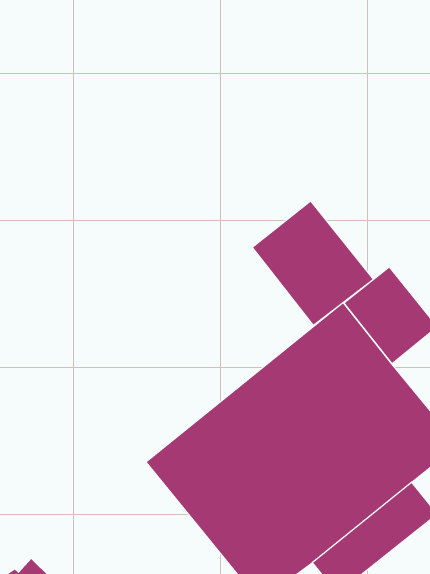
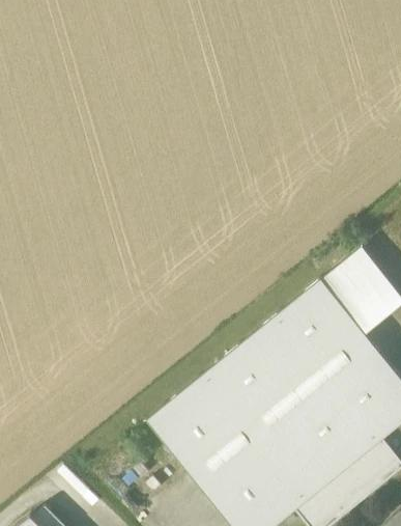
building: [252,201,374,325] -> none

